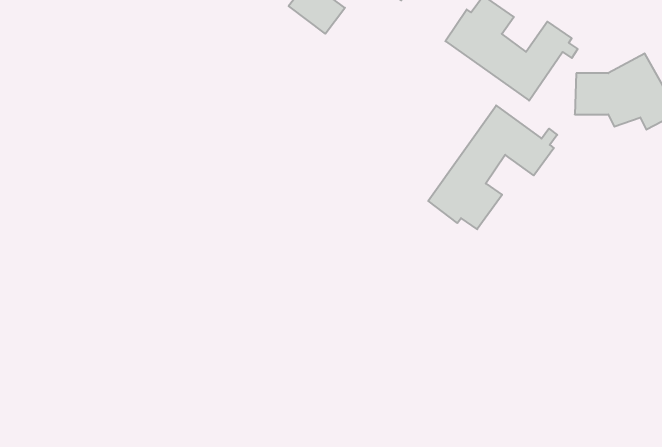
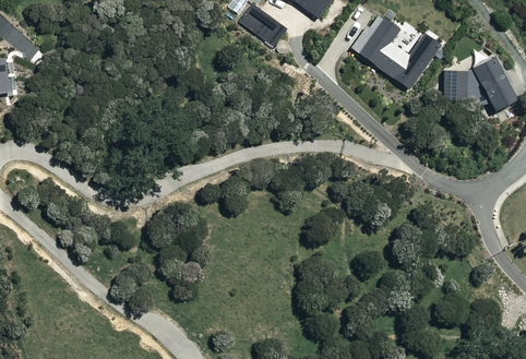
building: [428,105,557,229] -> none

